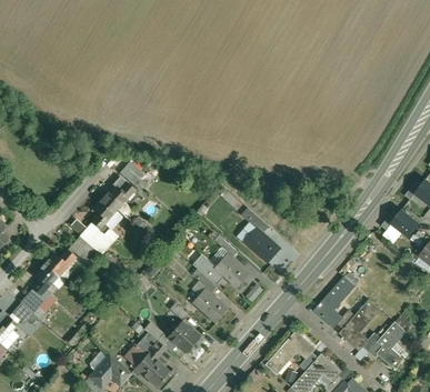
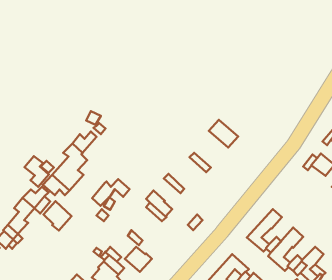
building: none -> [25,156,49,187]
building: [246,229,281,262] -> [209,120,238,147]
building: none -> [92,179,130,206]
building: [213,254,249,288] -> none
building: none -> [44,201,72,231]
building: [192,289,228,322] -> none

